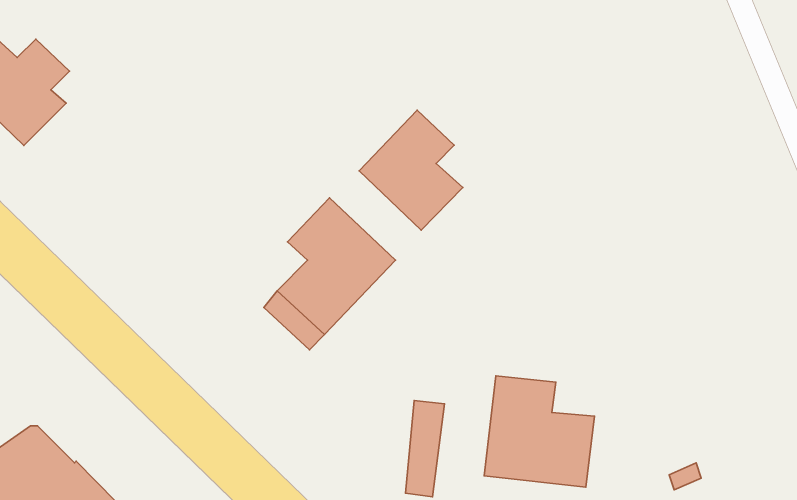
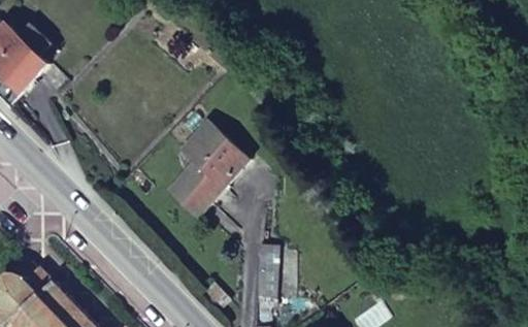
building: [359,110,463,230] -> none
building: [484,376,594,487] -> none

